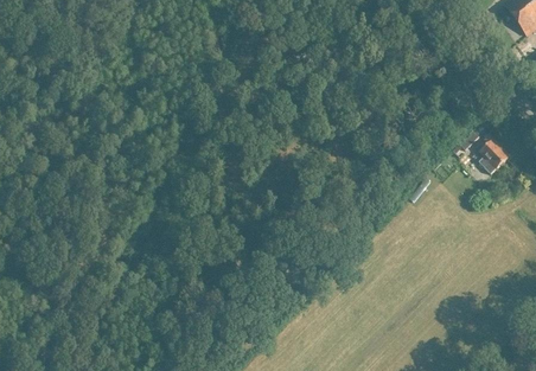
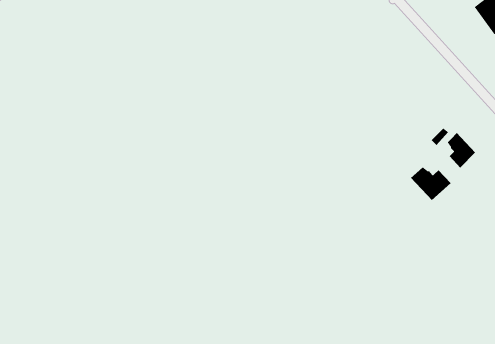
building: none -> [410,167,452,201]

